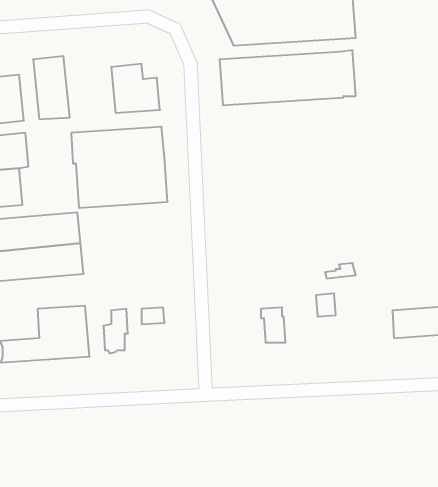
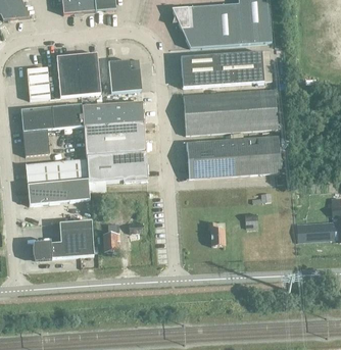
building: none -> [77,51,100,94]
building: none -> [183,88,277,134]
building: none -> [51,102,83,127]
building: none -> [186,135,280,177]
building: none -> [87,150,148,182]

